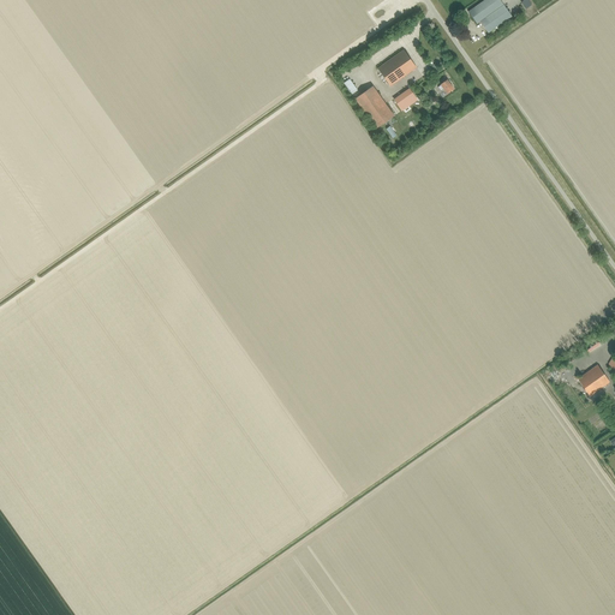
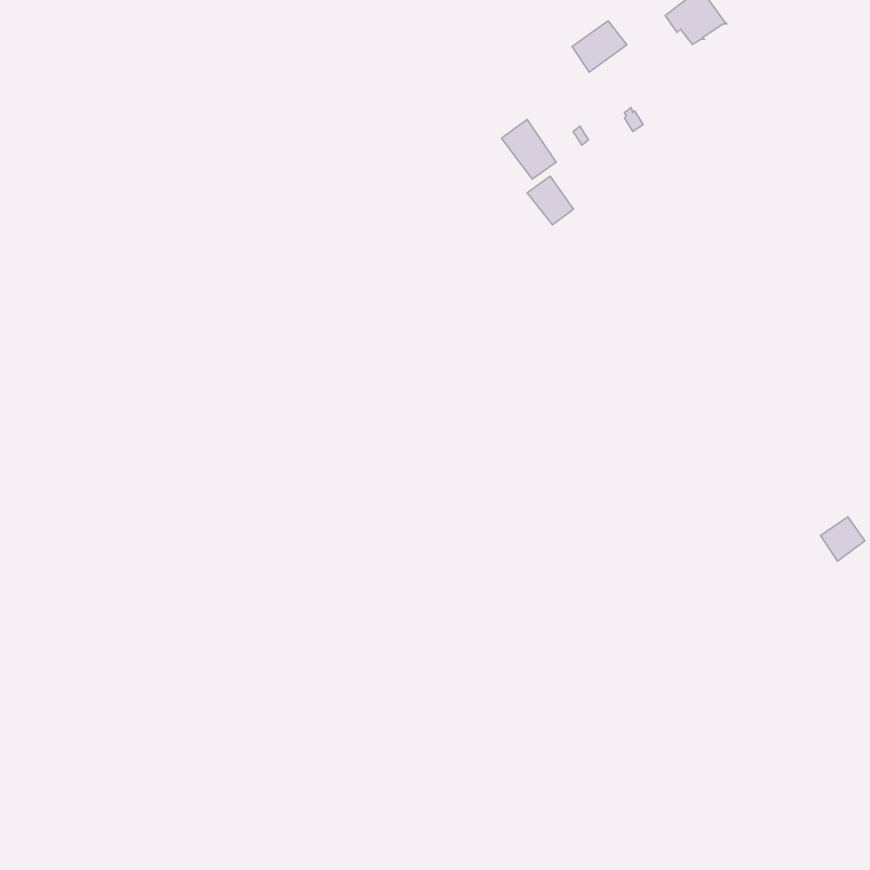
building: [378,49,417,85] -> [572,21,627,72]
building: none -> [527,176,574,225]

